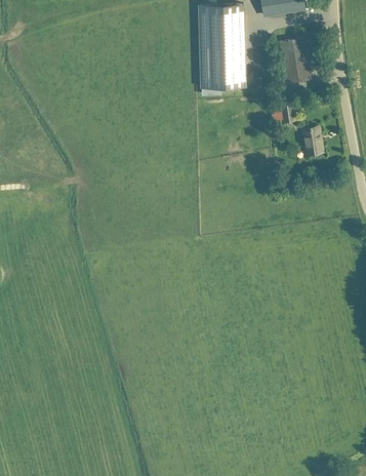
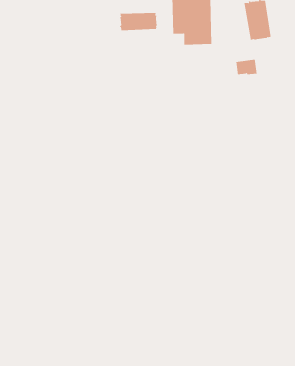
building: none -> [119,12,158,31]
building: [302,126,322,155] -> none

